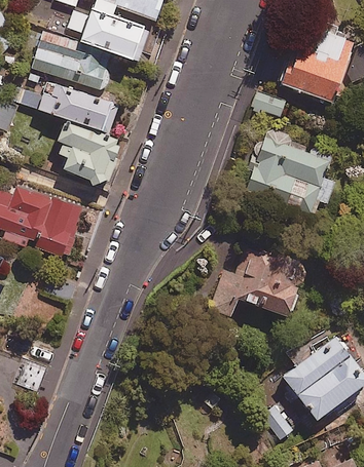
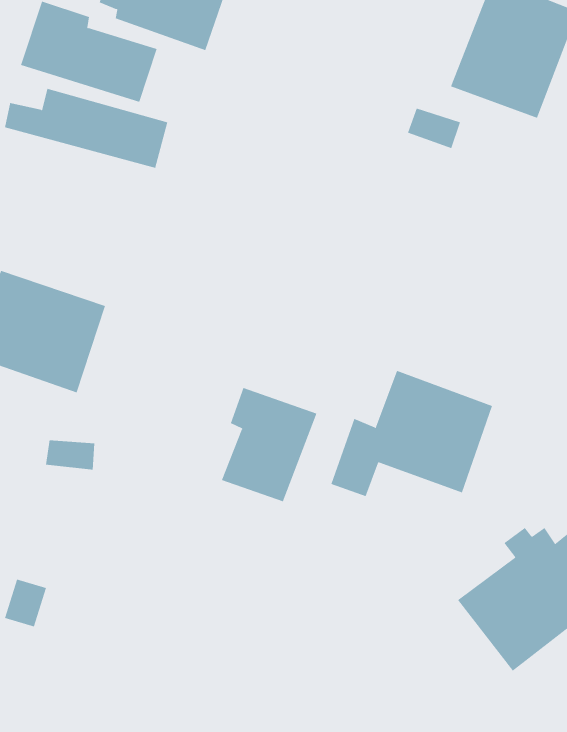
building: [54,125,119,183] -> none
building: [248,130,333,211] -> none
building: none -> [221,387,317,502]

